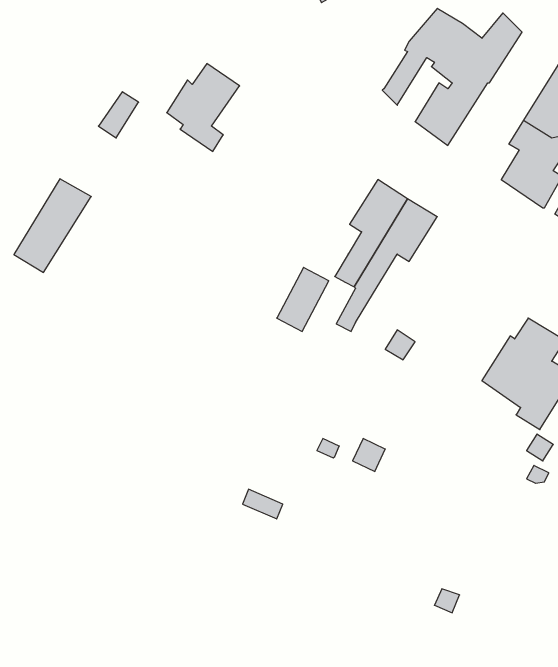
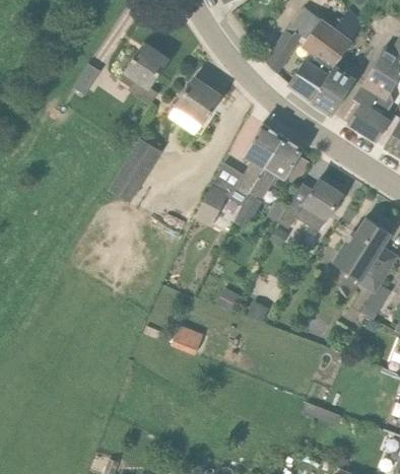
building: none -> [311,58,358,116]
building: none -> [175,77,221,126]
building: [14,179,91,272] -> [109,139,161,203]
building: none -> [277,179,342,231]

